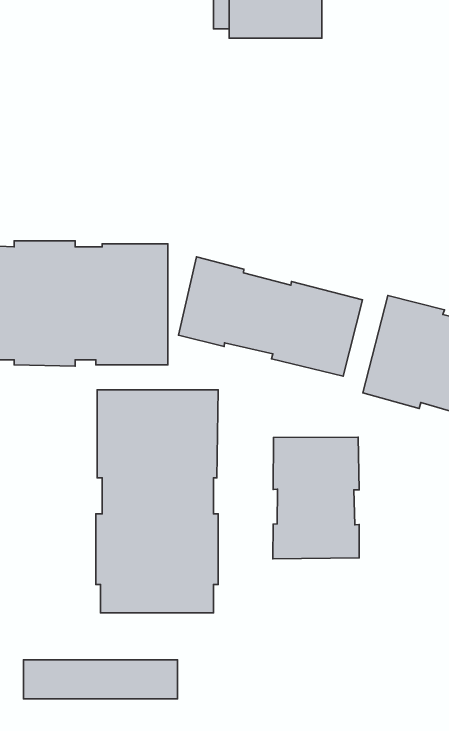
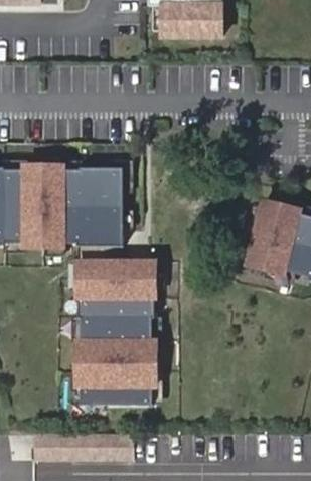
building: [178,257,362,376] -> none
building: [273,437,359,559] -> none

